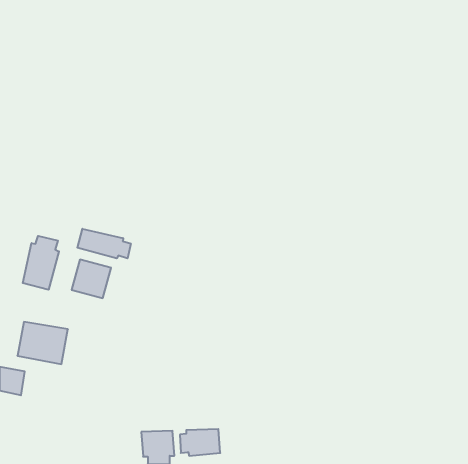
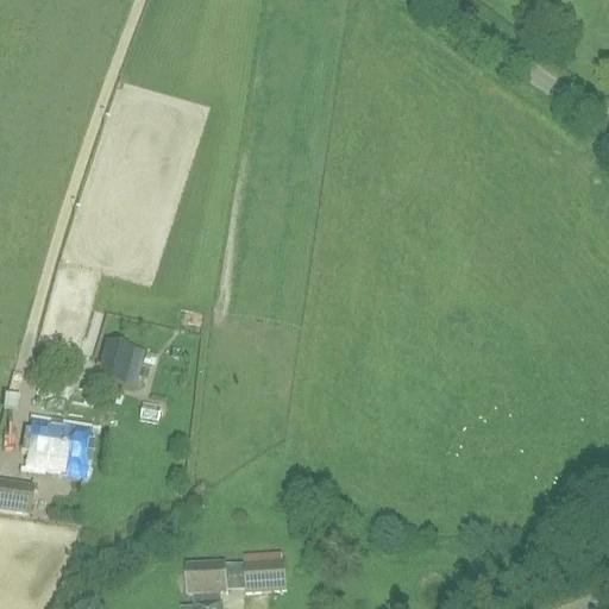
building: [77,229,131,258] -> none
building: [23,236,59,290] -> none

